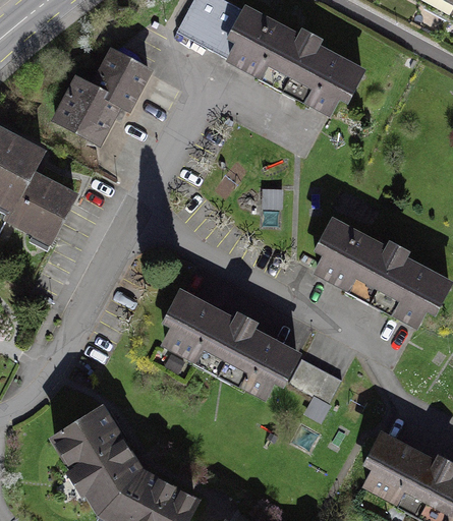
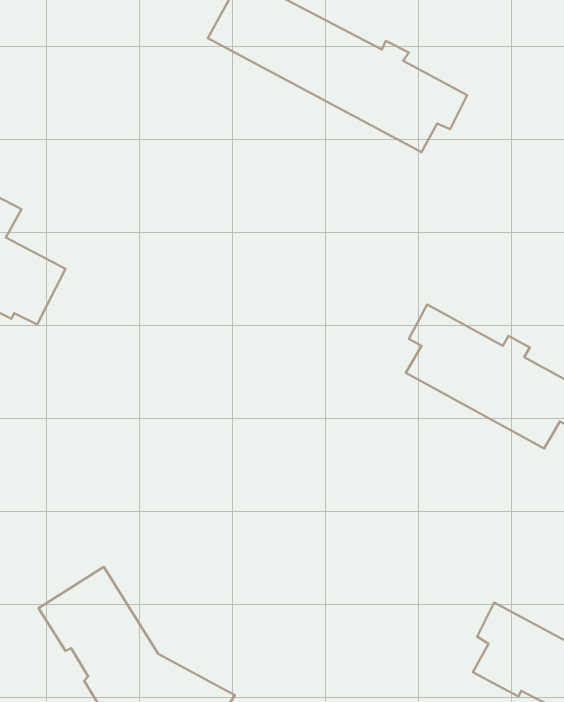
building: [56,50,149,140] -> none
building: [166,291,297,393] -> none
building: [288,355,342,402] -> none

